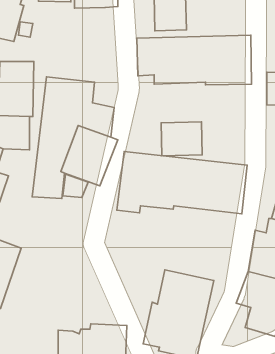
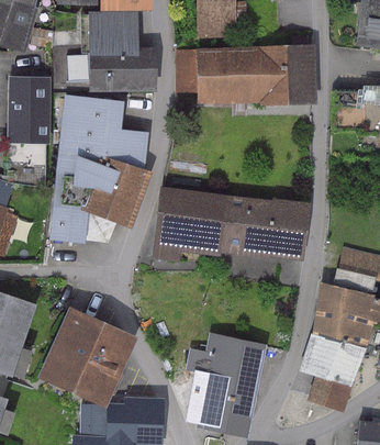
building: none -> [68,11,157,96]
building: [161,122,202,156] -> none
building: none -> [36,308,136,409]

